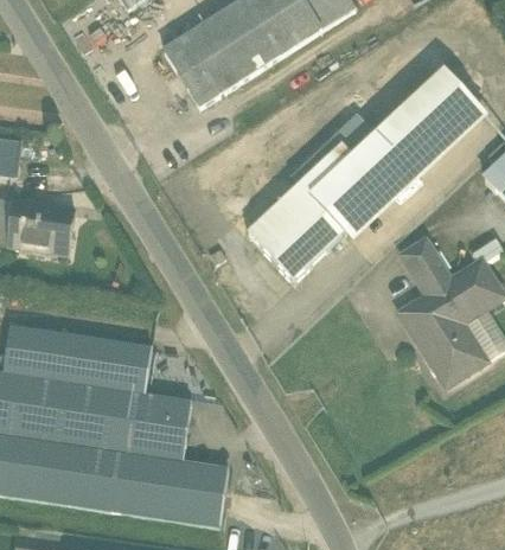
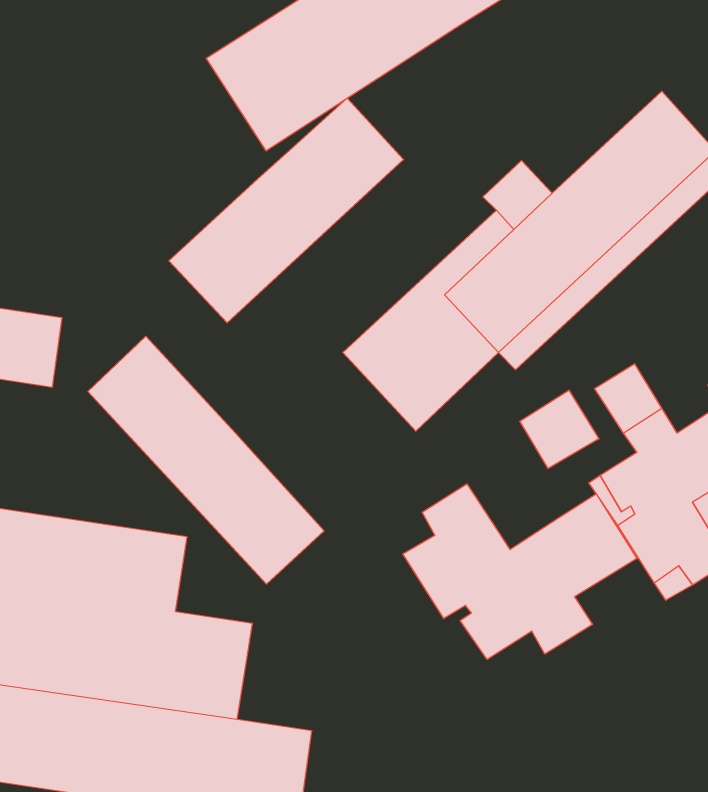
building: none -> [169,98,404,323]
building: none -> [88,336,324,584]
building: none -> [520,390,599,469]
building: none -> [403,484,637,659]

